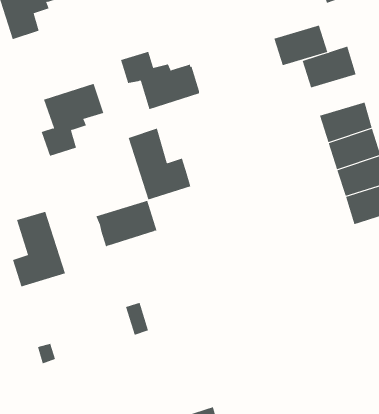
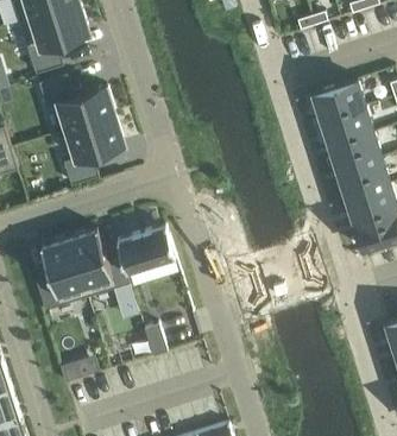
building: [274,25,328,66] -> [321,107,373,146]
building: [120,51,200,110] -> [38,75,114,131]
building: [128,128,191,200] -> [68,228,128,297]

